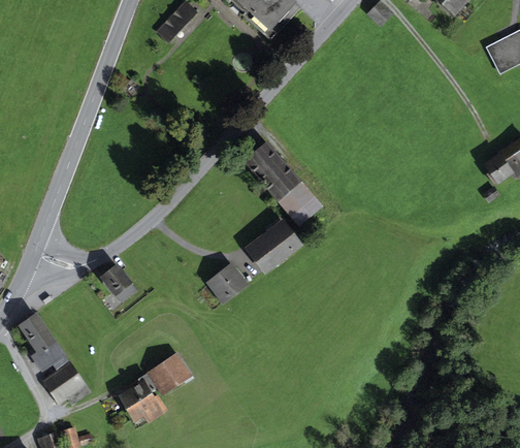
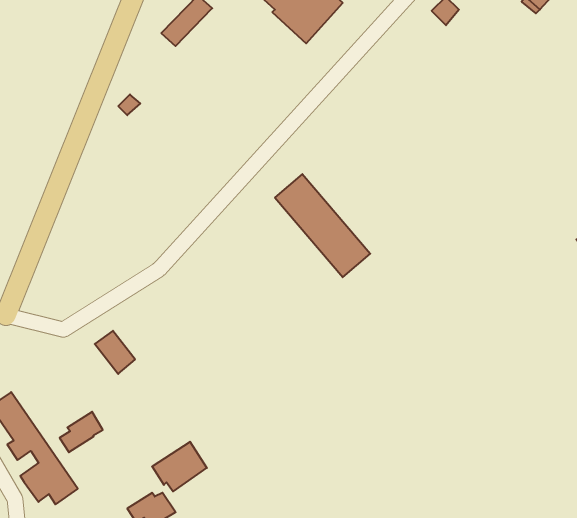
building: [250,223,300,269] -> none
building: [209,264,246,300] -> none
building: [122,374,156,406] -> [60,412,103,452]

